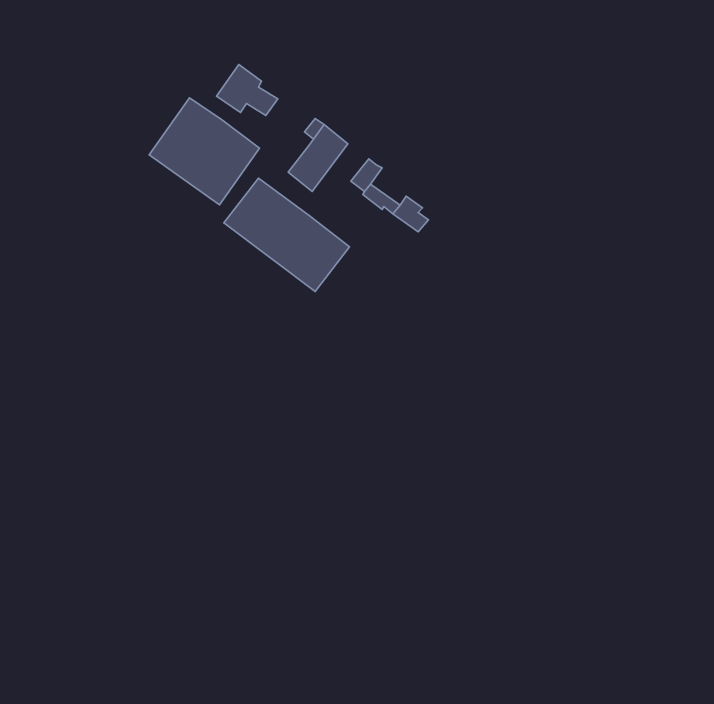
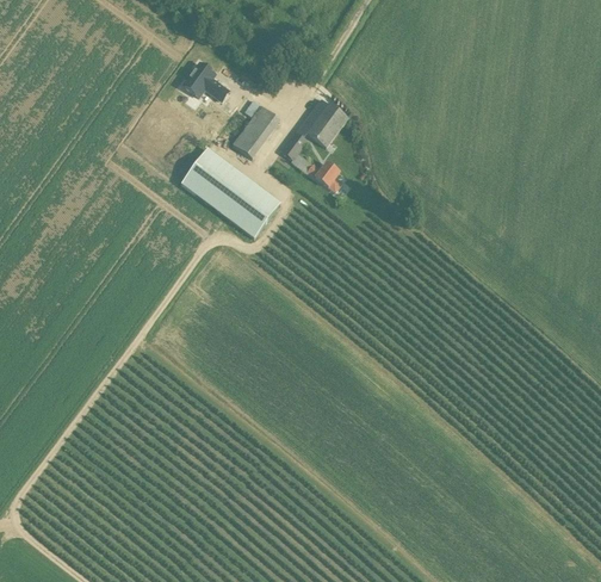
building: [149,98,260,205] -> none
building: none -> [305,98,347,147]

